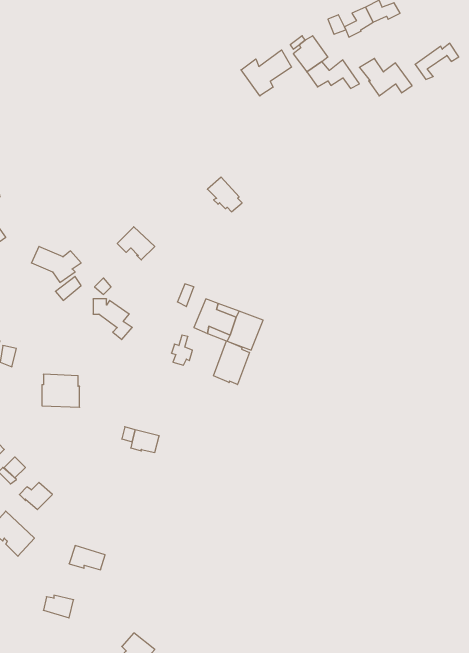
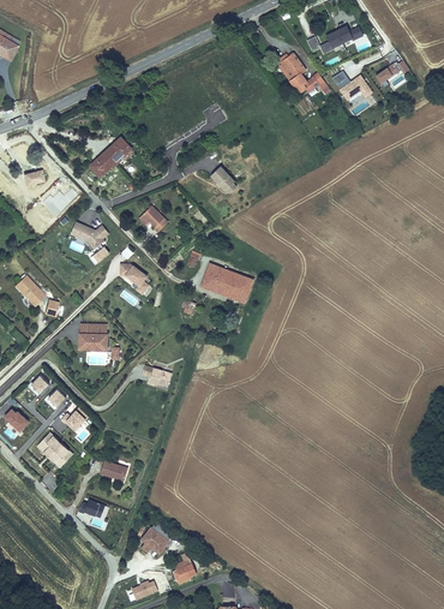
building: [241,50,292,96] -> none
building: none -> [86,136,131,178]
building: [213,341,249,385] -> none

